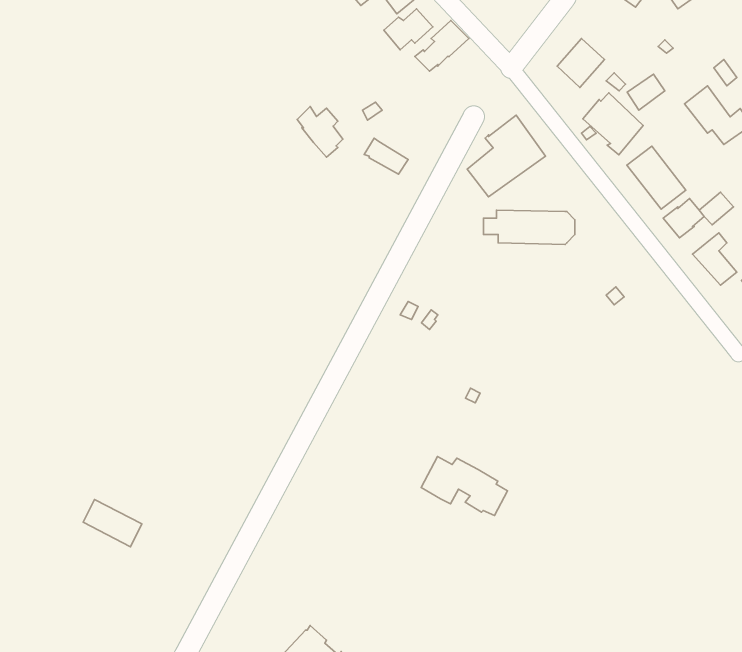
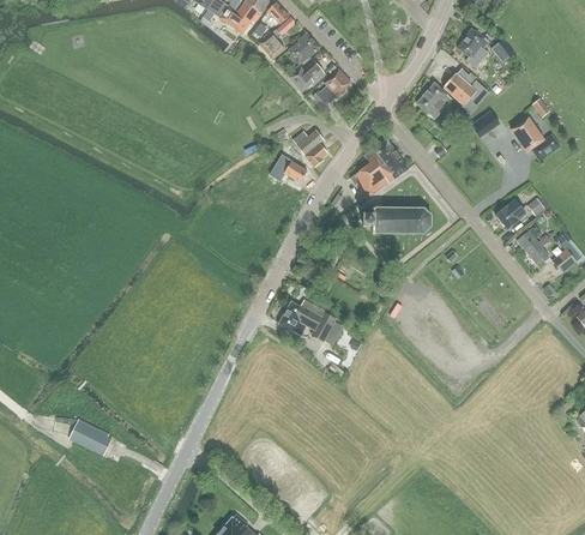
building: [583,93,643,155] -> [444,67,488,113]
building: [297,107,343,157] -> [294,128,327,166]
building: [627,146,686,209] -> none
building: [421,456,508,515] -> [279,300,343,343]

